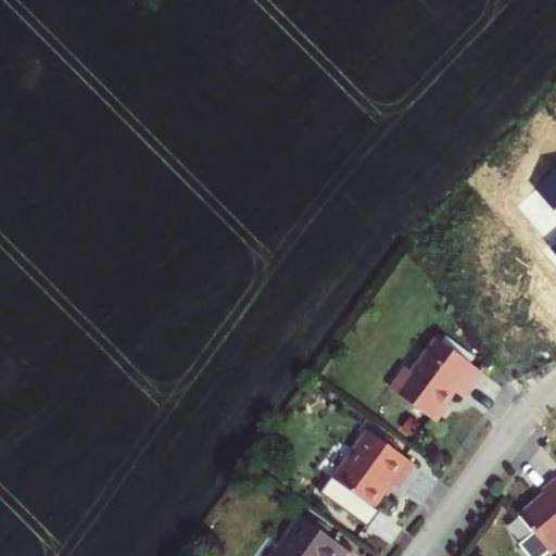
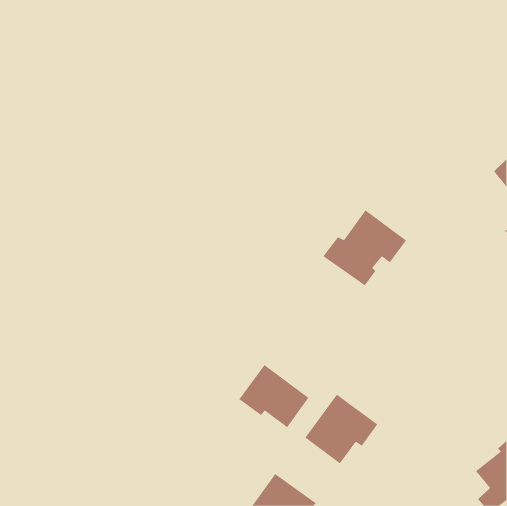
building: [389,338,481,421] -> [323,210,407,286]
building: none -> [239,364,309,428]

